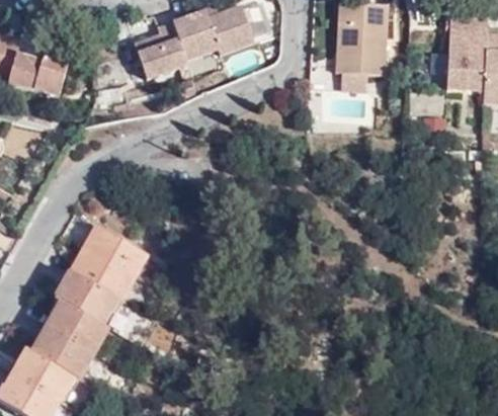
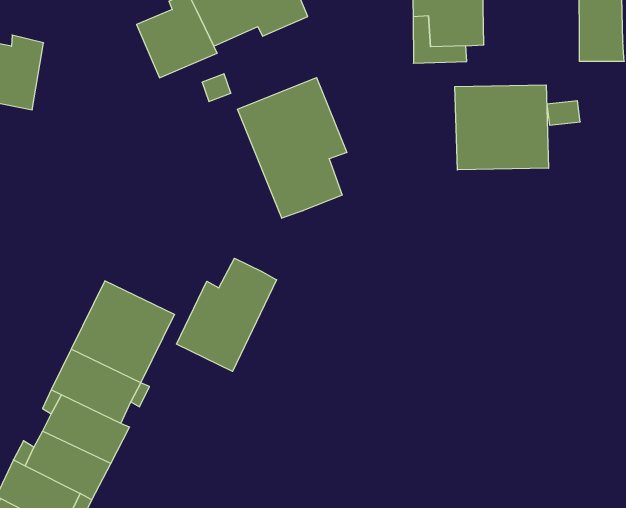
building: none -> [238,78,347,218]
building: none -> [455,85,549,170]
building: none -> [177,258,277,371]

